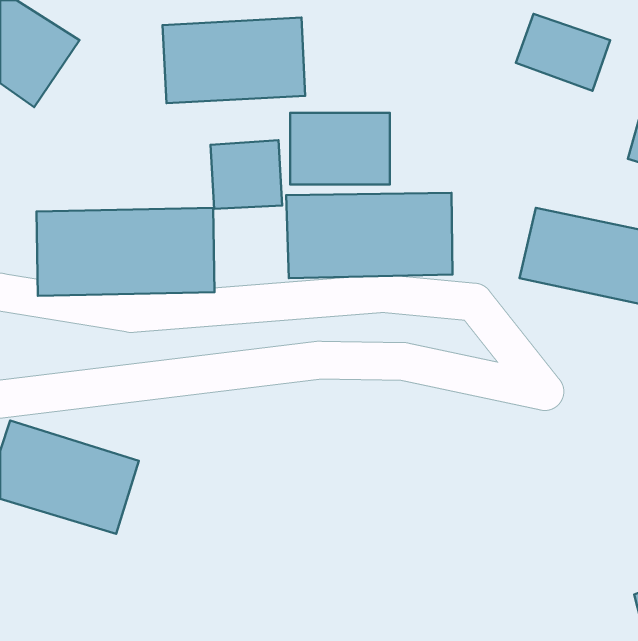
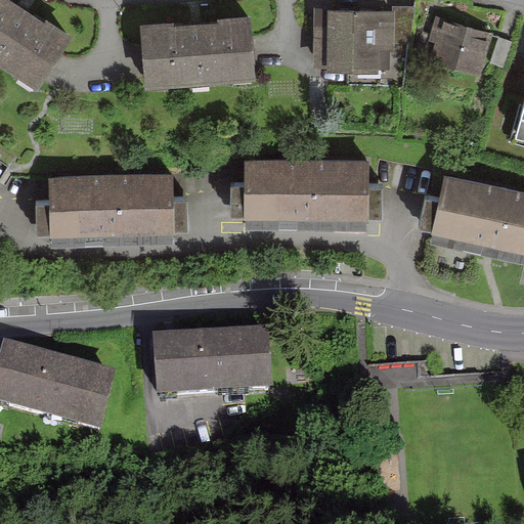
building: [290,113,390,185] -> [314,10,395,69]
building: [210,140,282,209] -> none
building: none -> [151,337,267,404]

